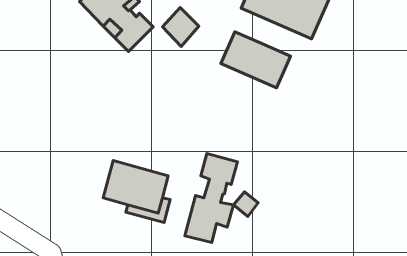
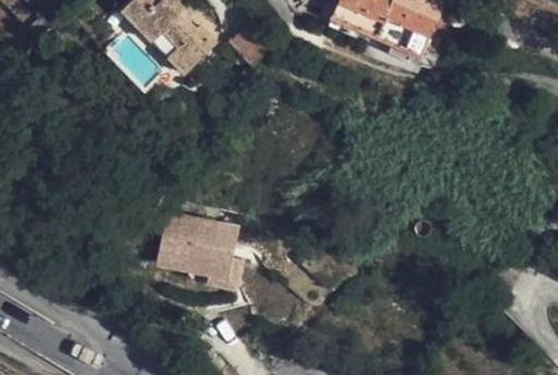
building: [221,32,291,88] -> none
building: [185,154,237,242] -> none

